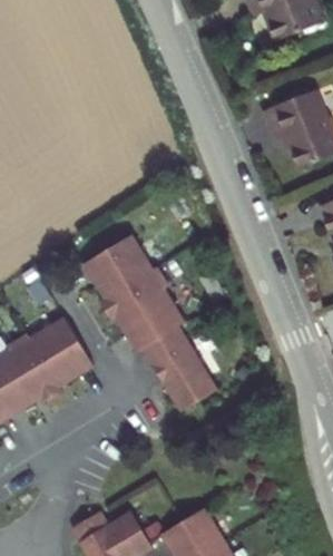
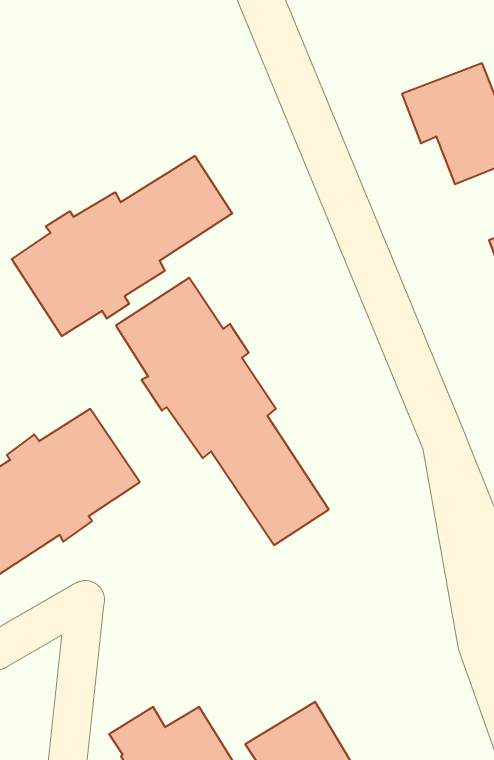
building: none -> [12,156,232,336]

